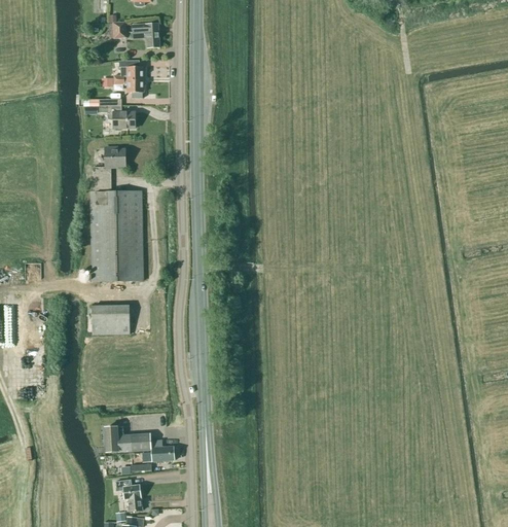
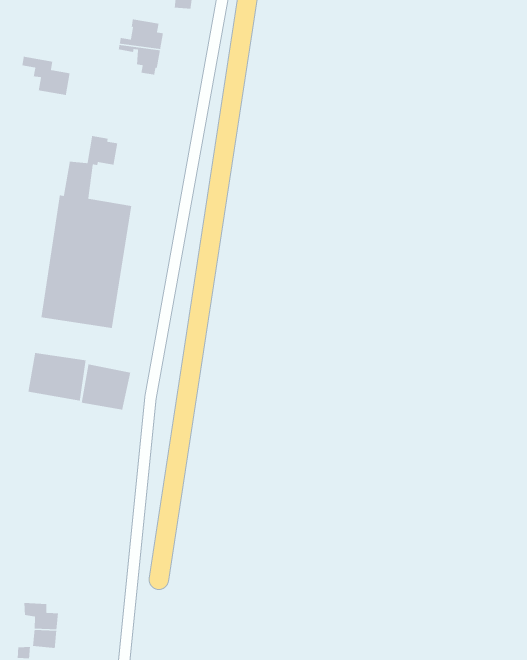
building: [99,106,134,129] -> [21,56,70,96]
building: none -> [81,364,131,411]
building: [102,427,175,462] -> none

